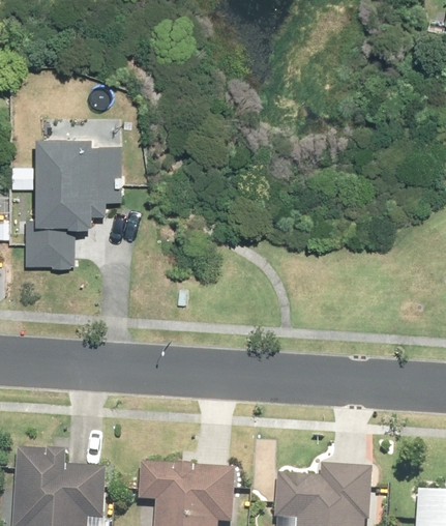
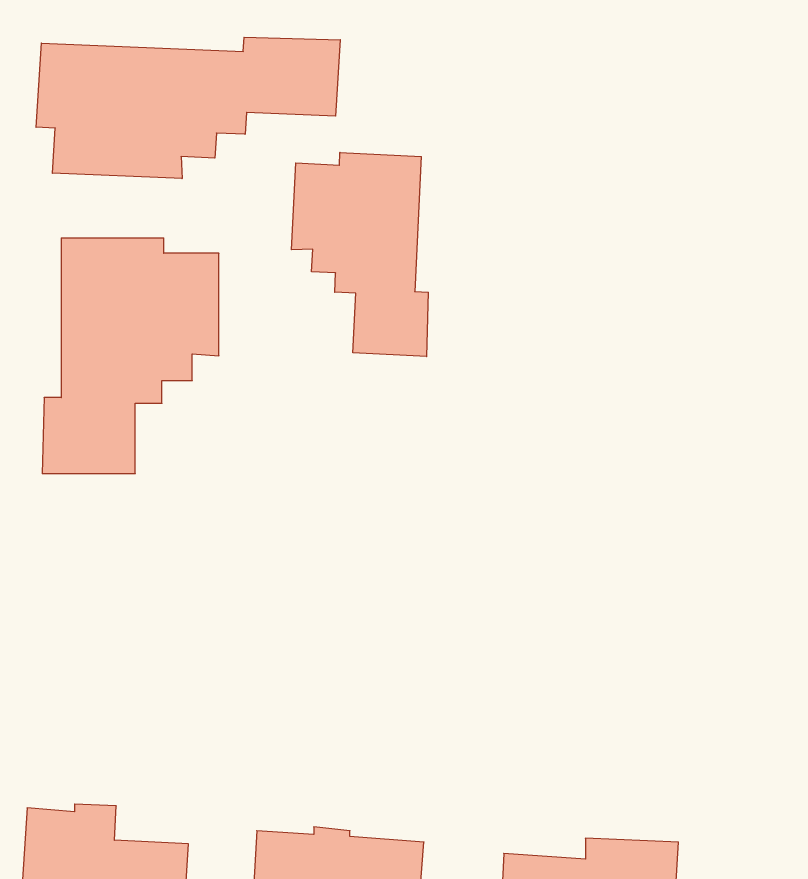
building: none -> [36,37,340,179]
building: none -> [292,152,428,357]

